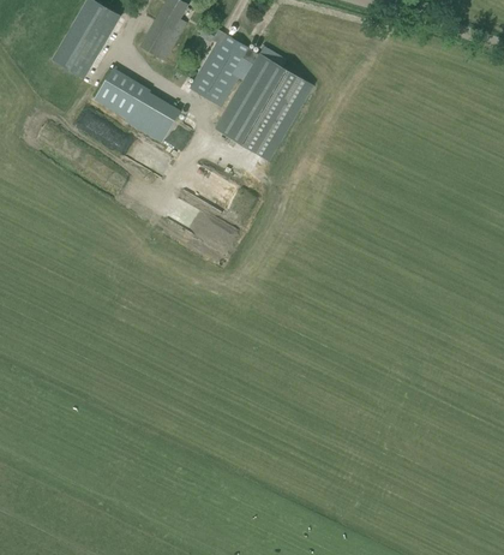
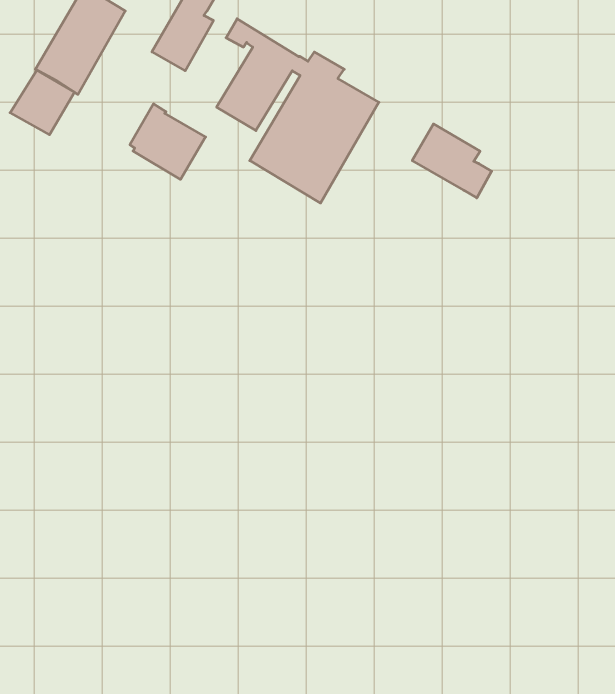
building: [92,68,142,118] -> [10,70,75,135]
building: none -> [412,124,492,198]

